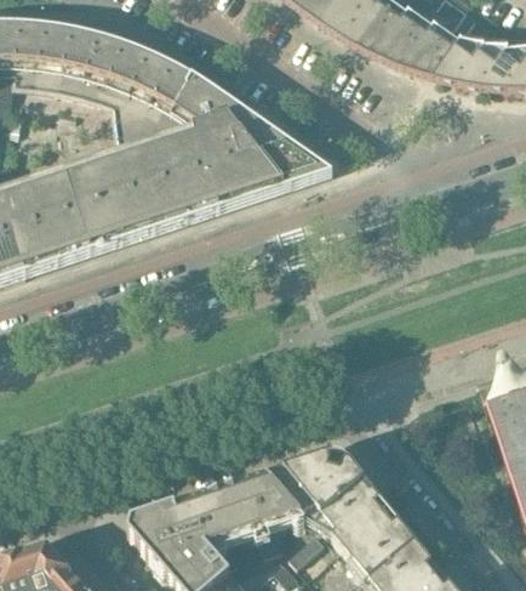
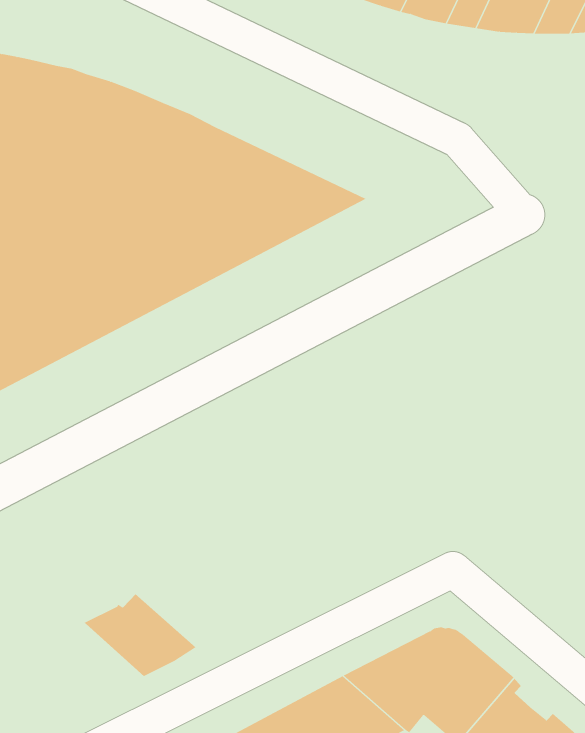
building: none -> [83,594,196,677]

